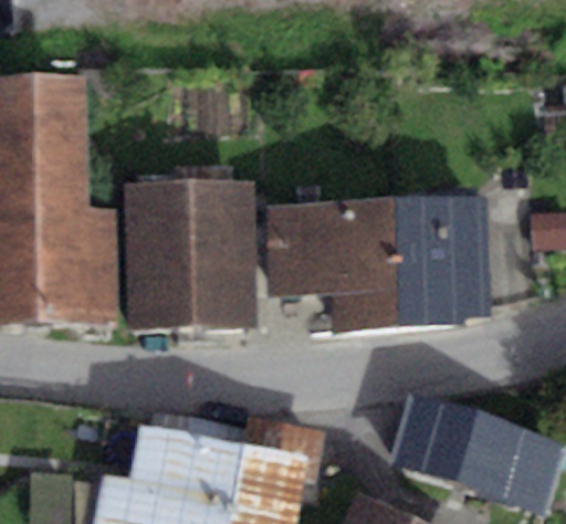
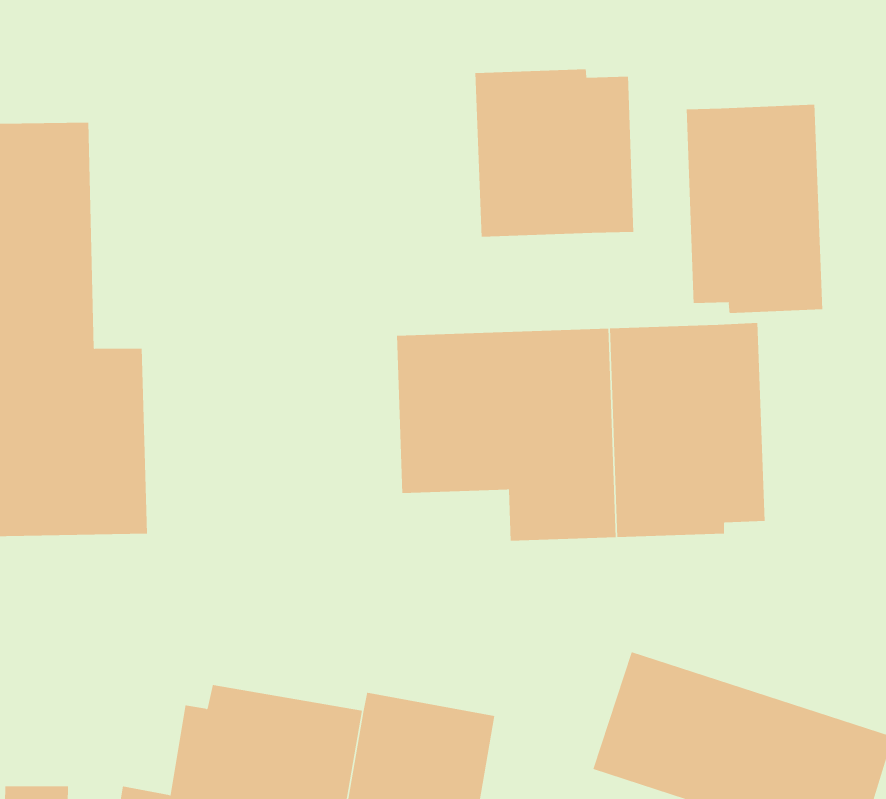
building: none -> [475,68,634,238]
building: none -> [686,104,823,314]
building: [128,179,255,332] -> none

